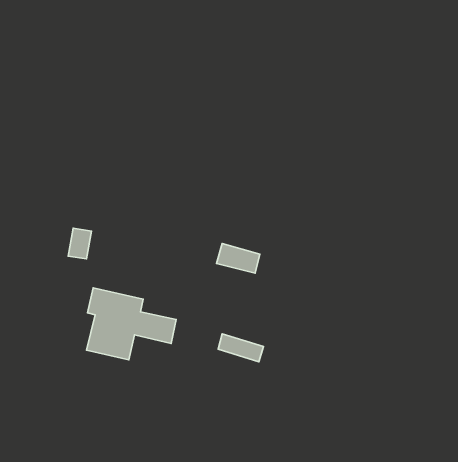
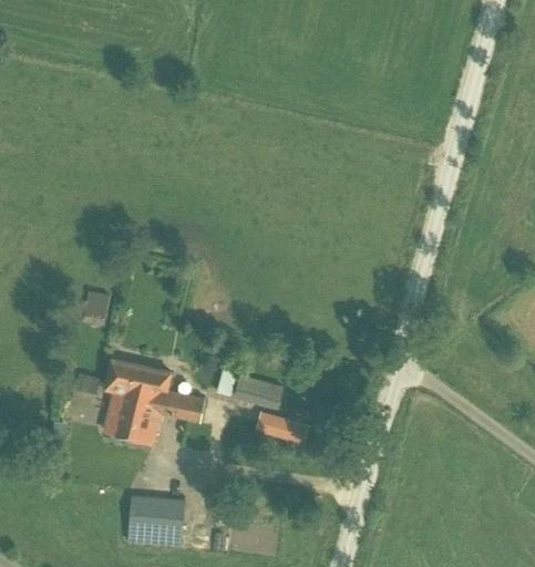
building: [217,243,260,273] -> [232,375,281,410]
building: none -> [126,496,185,548]

